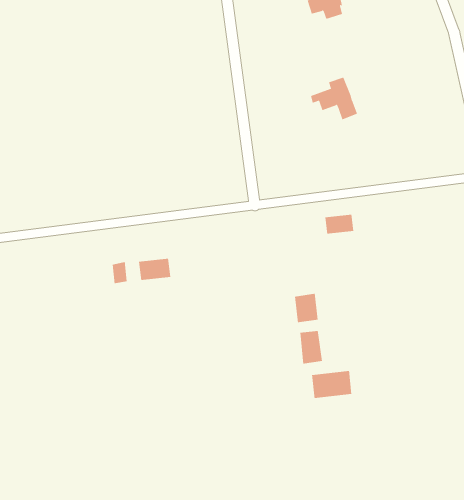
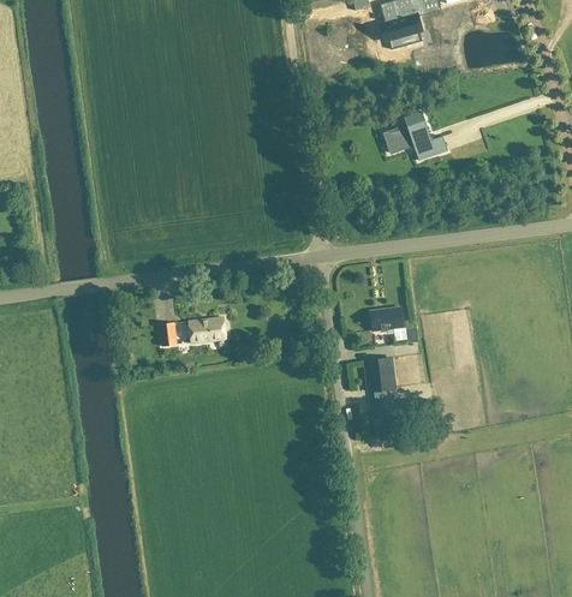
building: [324,214,354,234] -> [370,308,404,330]
building: [312,370,352,399] -> none

